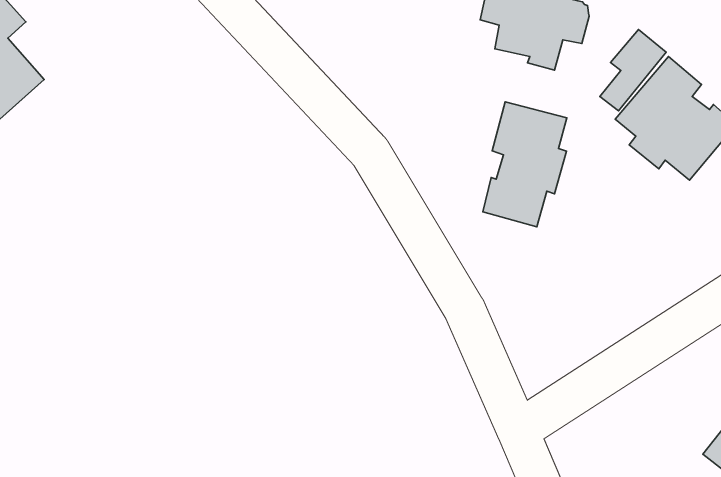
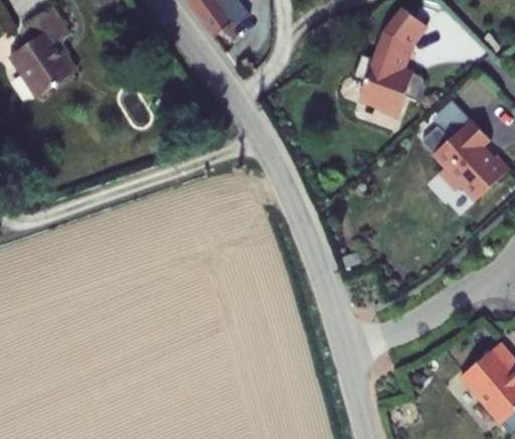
building: [483,102,567,227] -> none

